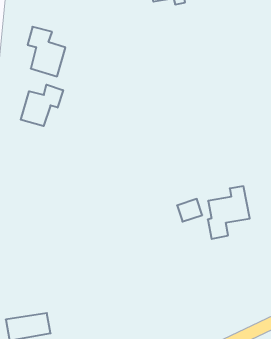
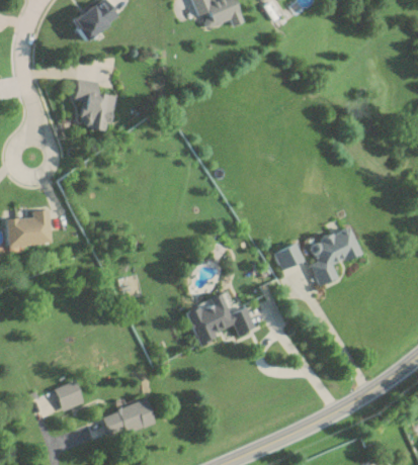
building: [21,85,63,126] -> none
building: none -> [185,295,255,342]

